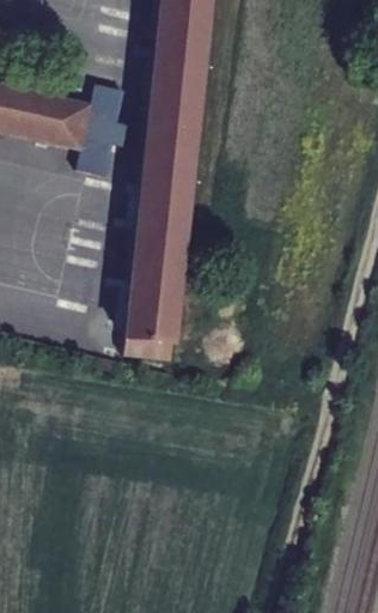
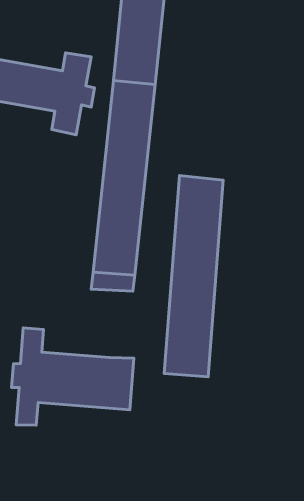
building: none -> [164,175,223,377]
building: none -> [11,328,134,425]

